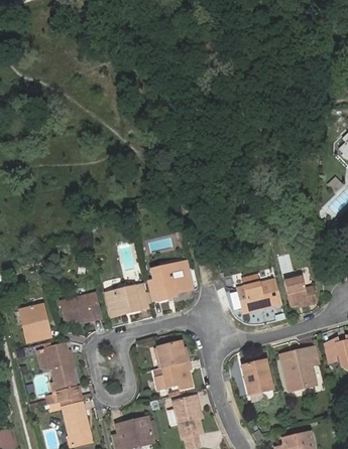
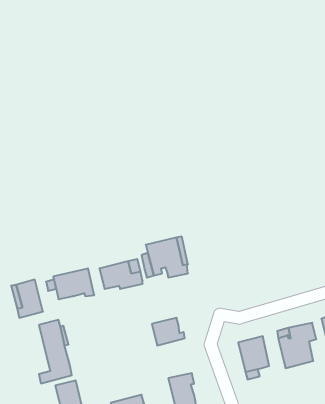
building: [237,275,273,313] -> none
building: [284,277,317,305] -> none
building: [154,361,192,389] -> none

